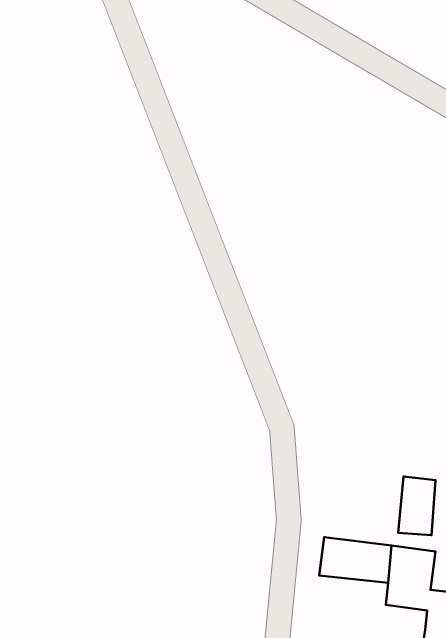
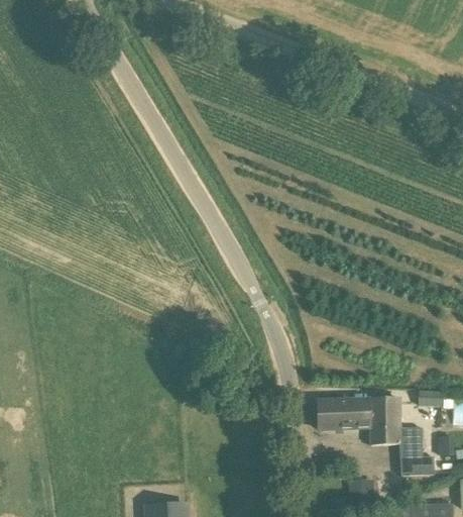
building: [398,477,435,535] -> none

